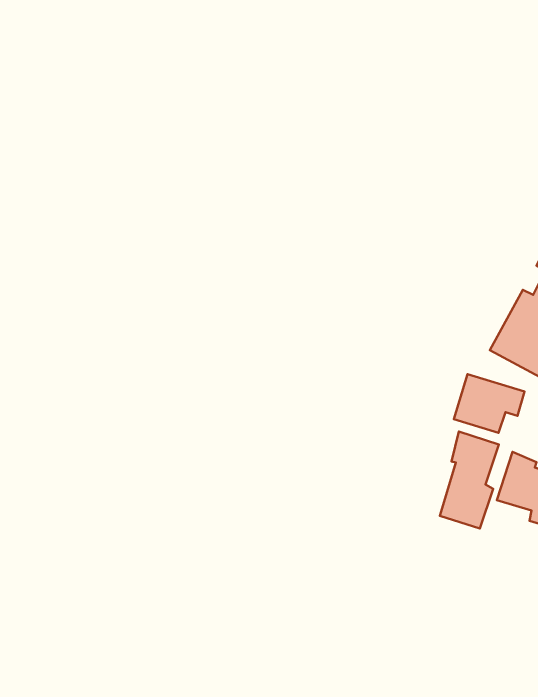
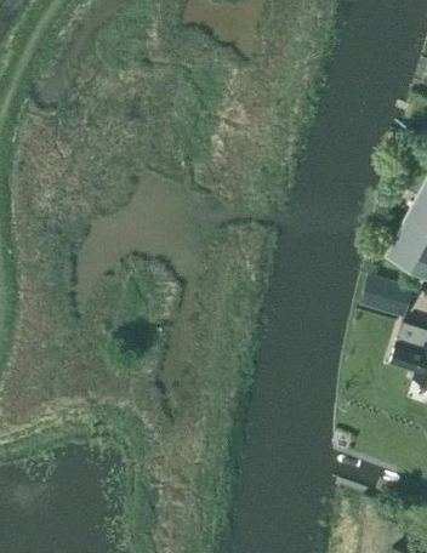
building: [440,432,499,529] -> none

